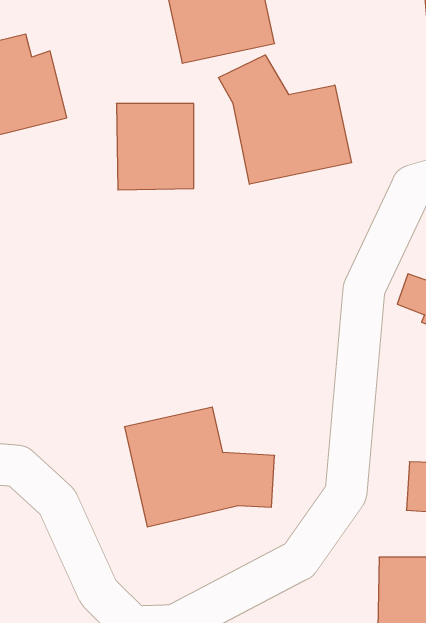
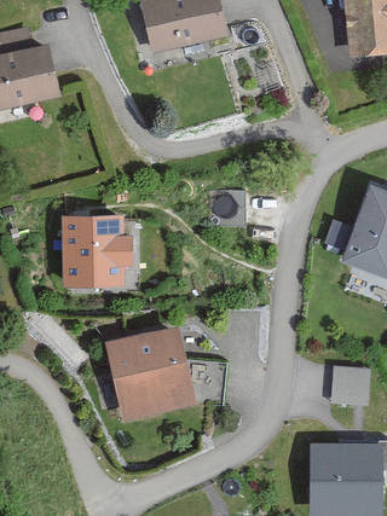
building: [218,55,351,184] -> none
building: [116,104,194,190] -> [65,216,127,285]

